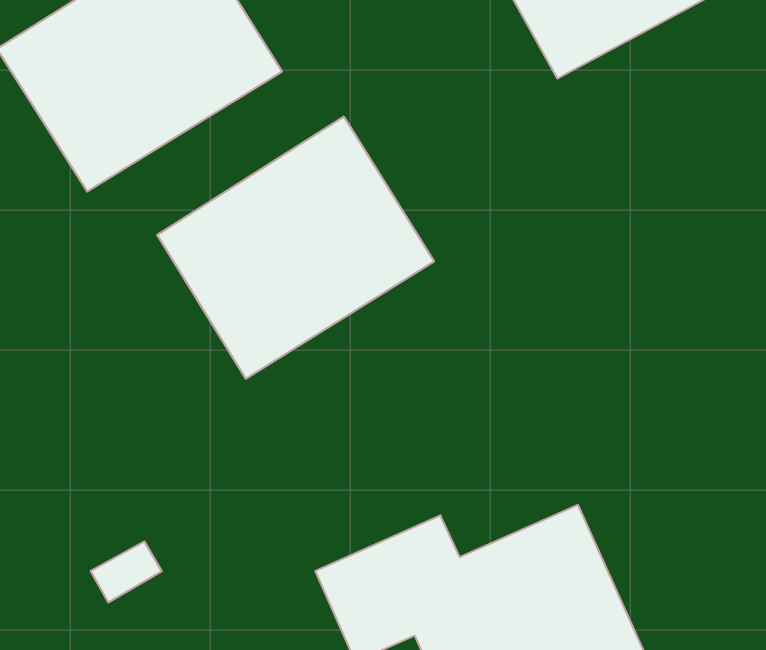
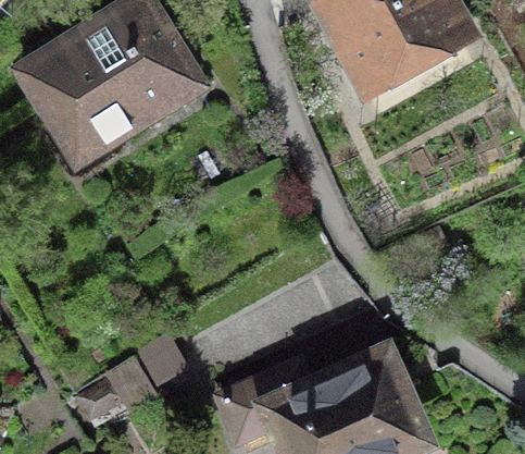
building: [157,117,434,379] -> none

